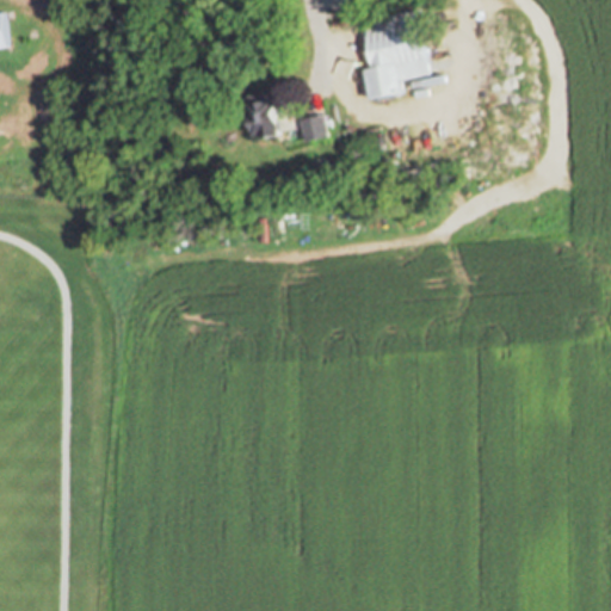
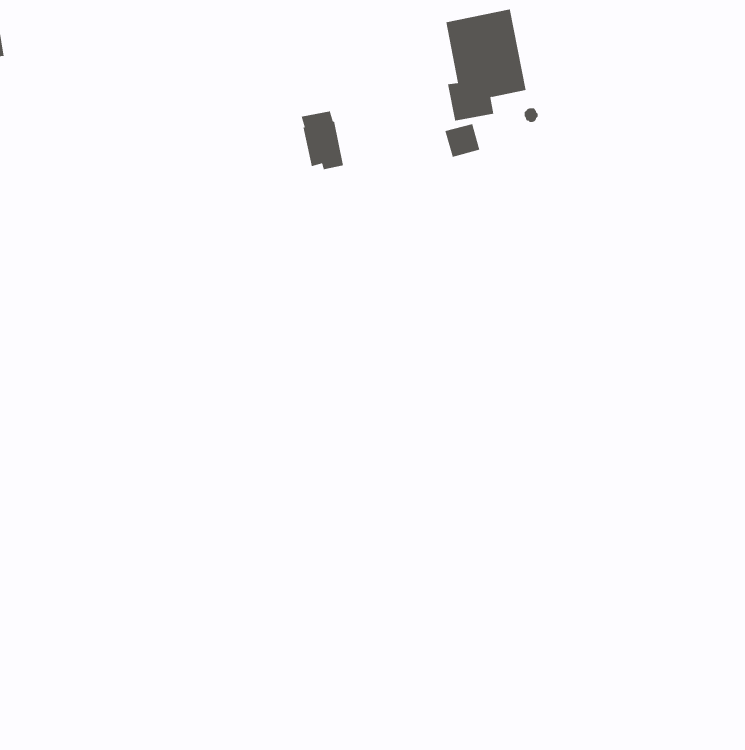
building: [298,117,327,144] -> [445,123,480,157]

